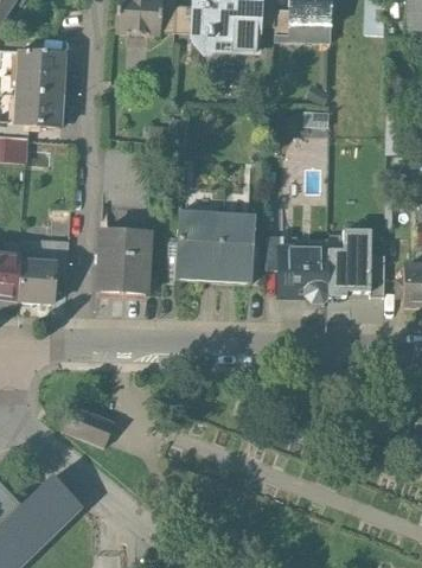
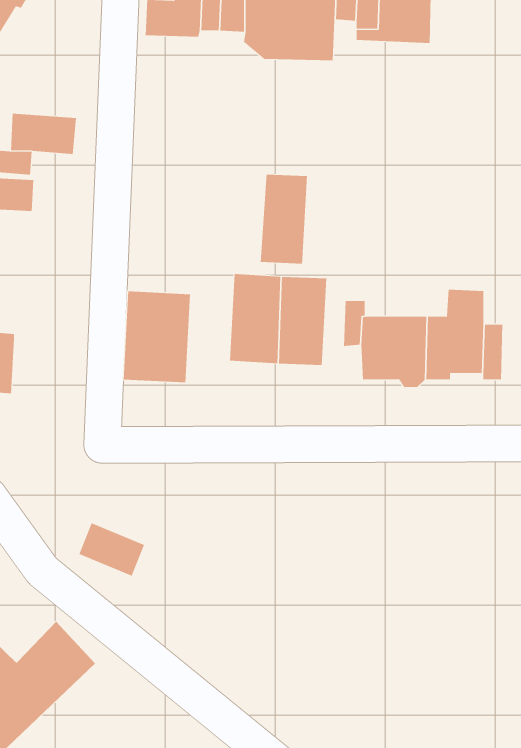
building: [18,55,69,96] -> none
building: none -> [260,174,307,264]
building: [18,261,57,305] -> none

